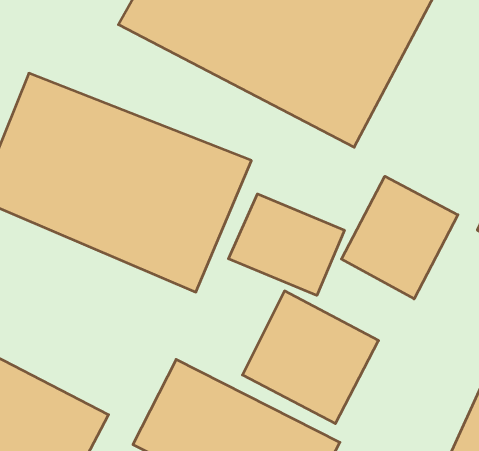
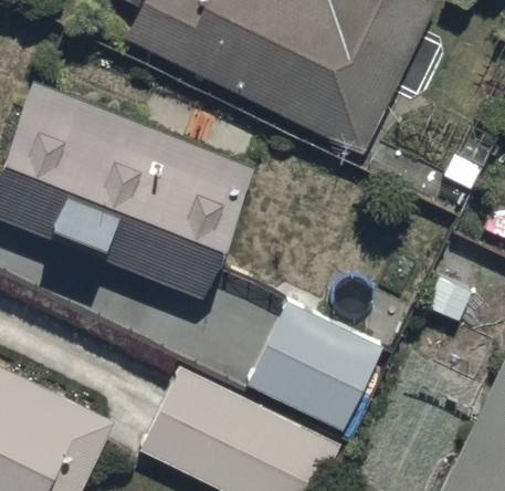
building: [341,176,458,299] -> none
building: [228,194,344,295] -> none

